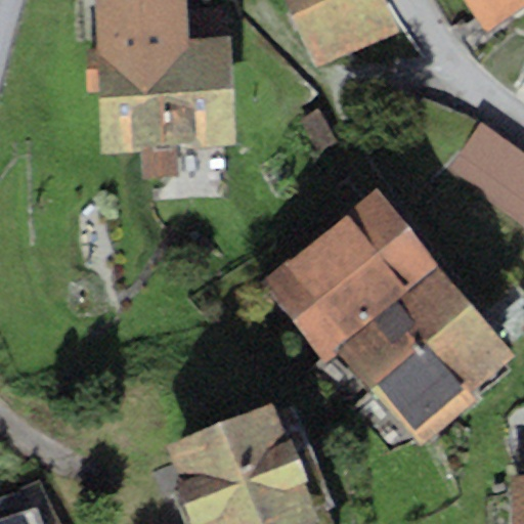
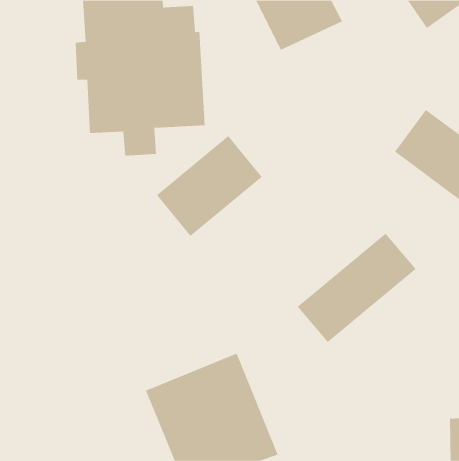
building: none -> [156,135,262,237]
building: [262,187,440,359] -> none
building: [374,305,518,440] -> none

